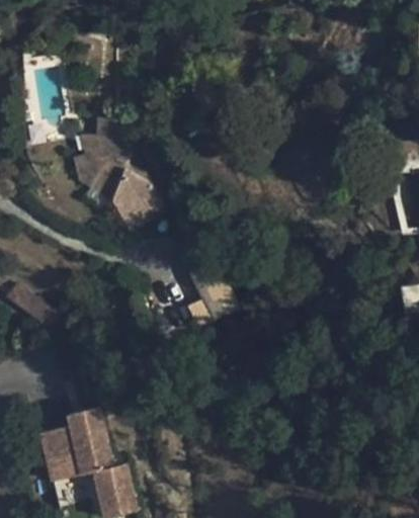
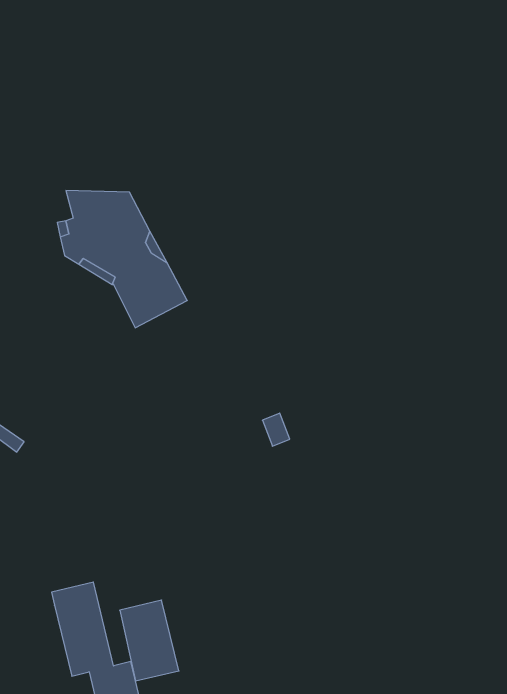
building: [44,425,85,482] -> [120,600,179,681]

